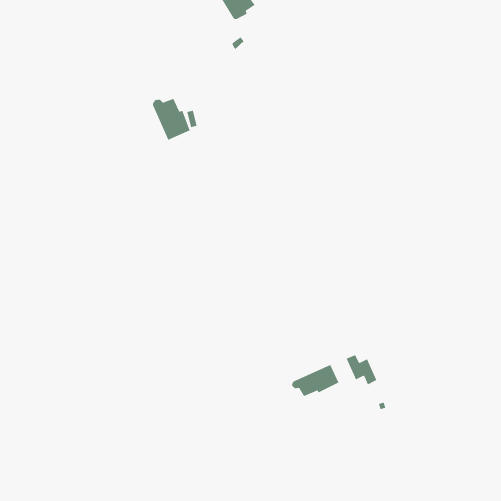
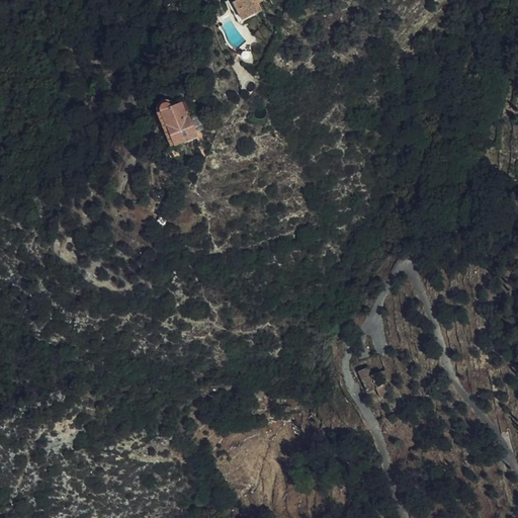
building: [291,364,339,397] -> none

